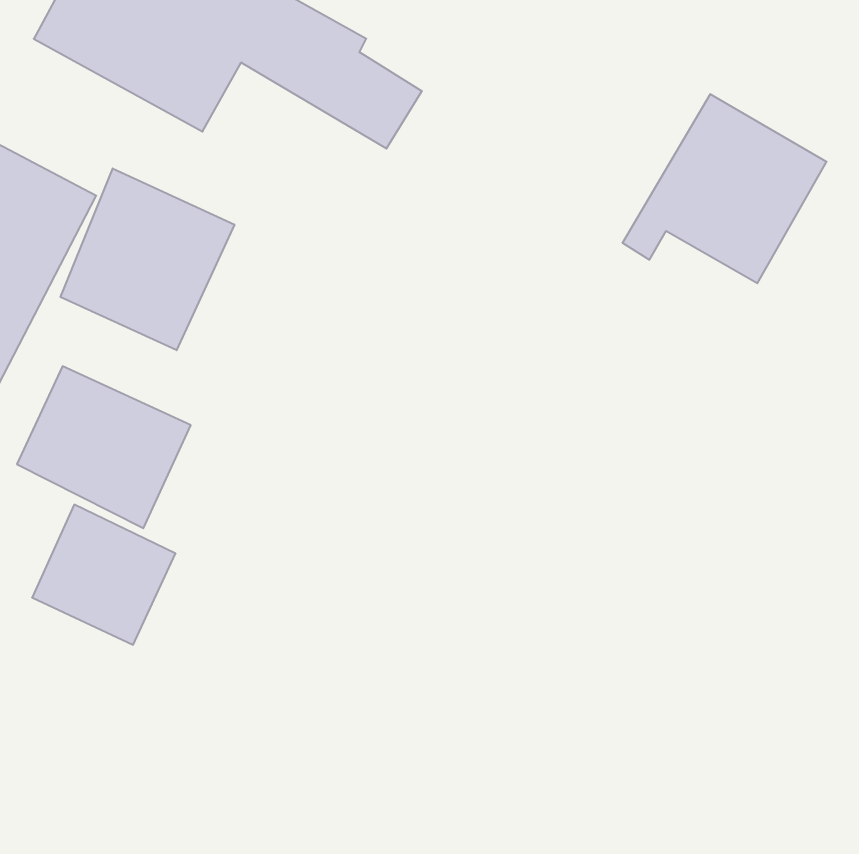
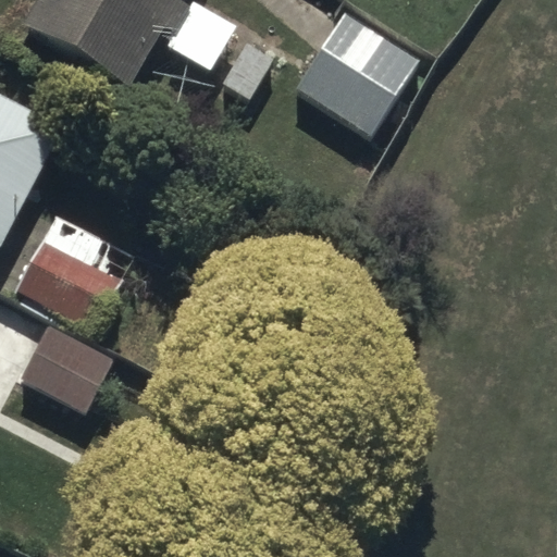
building: [622,94,827,283] -> [286,12,418,134]
building: [60,168,234,350] -> none

